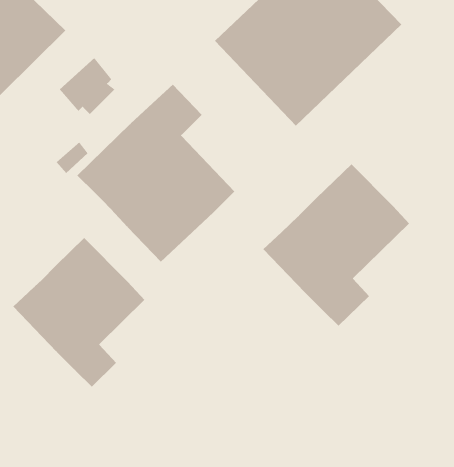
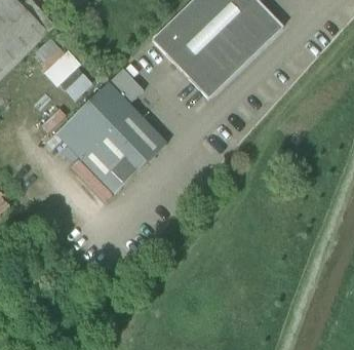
building: [262,163,410,327] -> none
building: [12,237,145,387] -> none

